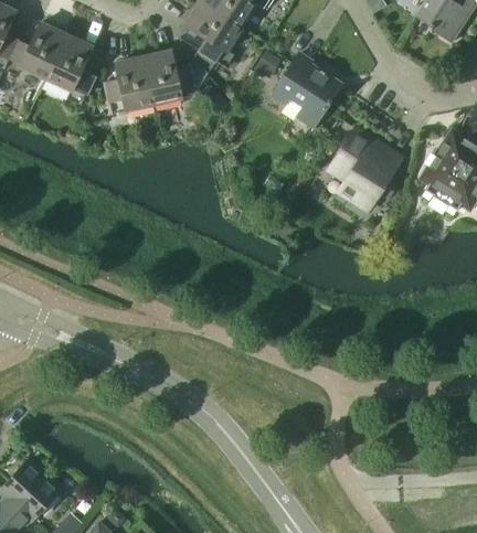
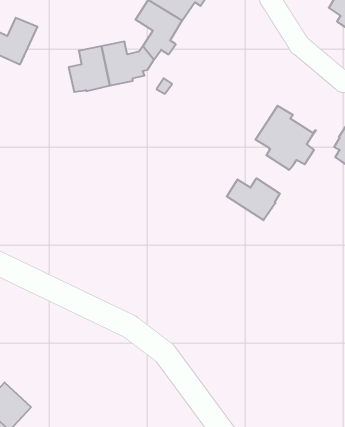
building: [45,33,95,105] -> none
building: [274,55,342,129] -> none
building: none -> [227,178,280,220]

